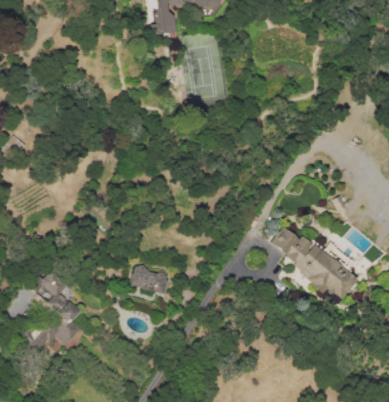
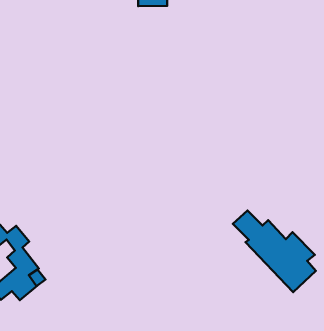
building: [130,265,170,293] -> none

